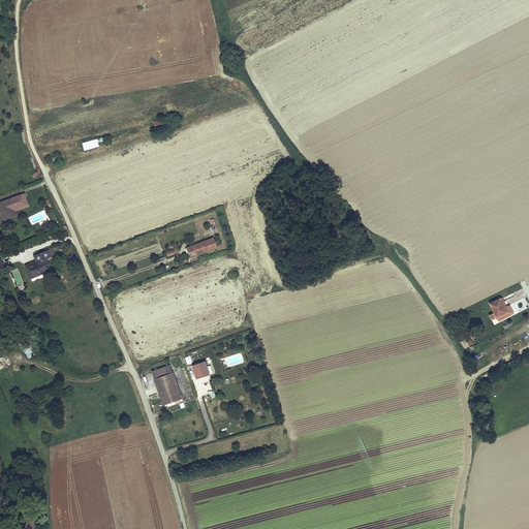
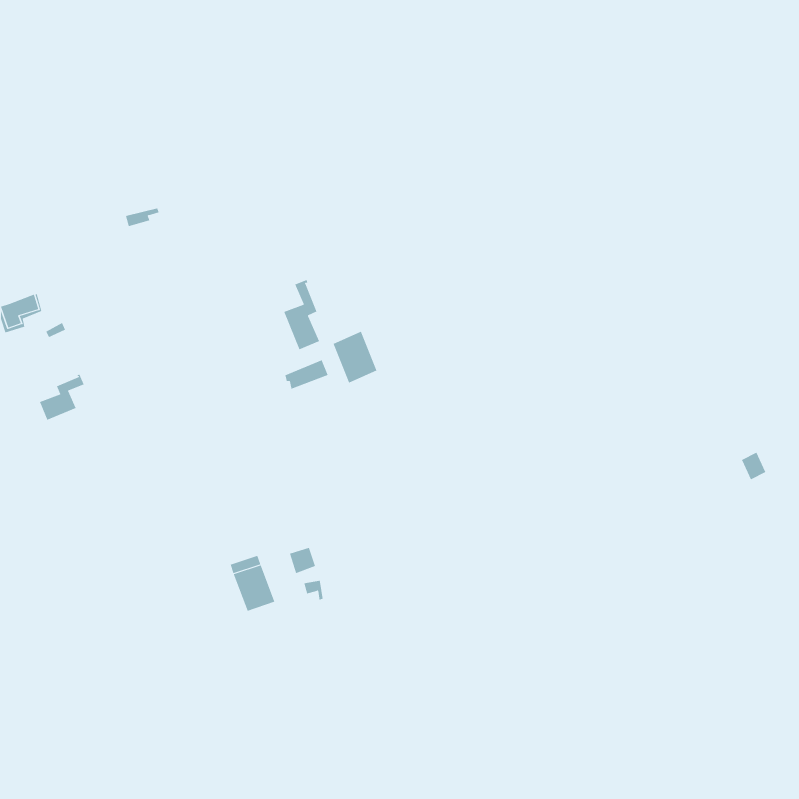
building: none -> [283,279,320,350]
building: none -> [333,331,377,384]

